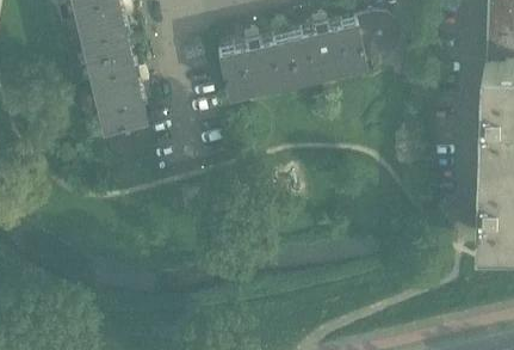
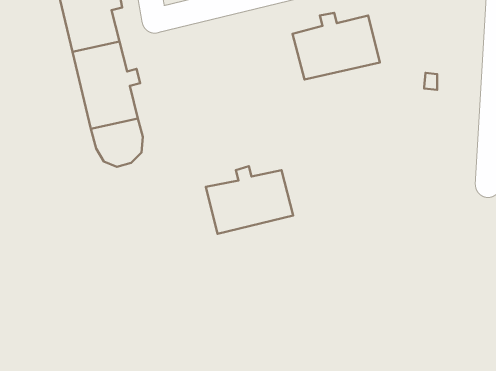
building: [354,13,398,60] -> none
building: [216,30,296,92] -> [206,166,293,234]

